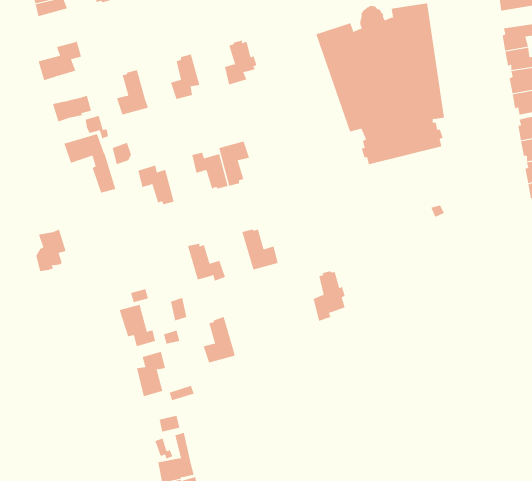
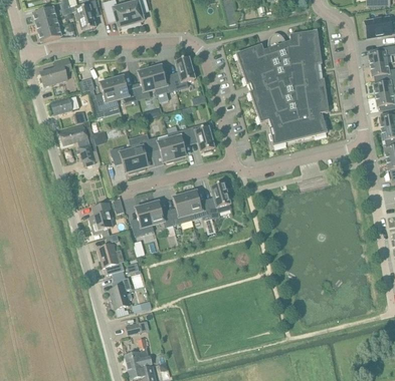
building: none -> [149,64,175,93]
building: none -> [111,74,138,102]
building: none -> [186,121,213,151]
building: none -> [130,137,152,170]
building: [35,229,67,272] -> [90,202,113,232]
building: none -> [169,192,192,224]
building: [313,270,346,322] -> [207,181,230,218]
building: [203,316,236,363] -> [131,202,154,235]

